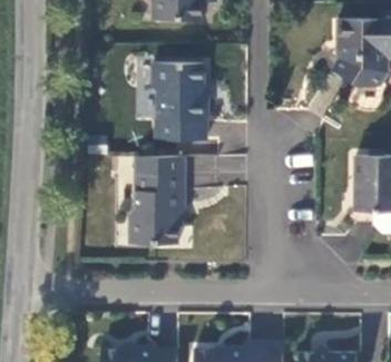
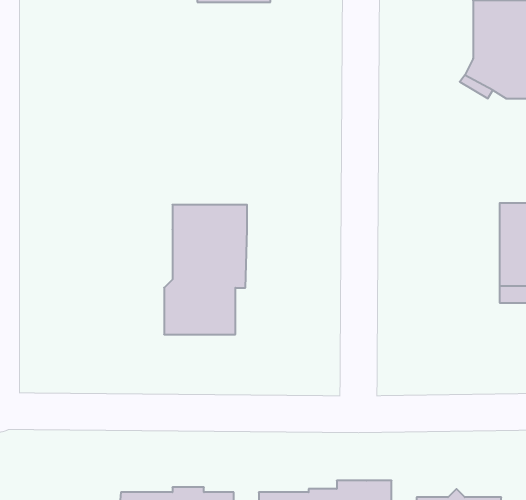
building: [154,62,208,139] -> none

